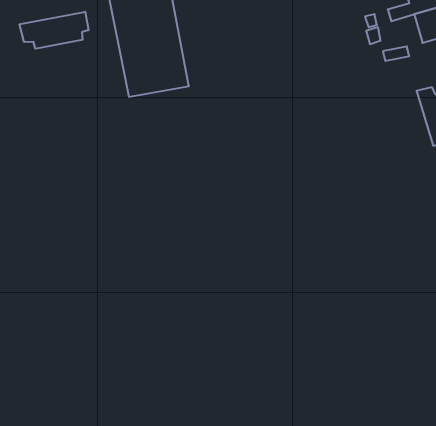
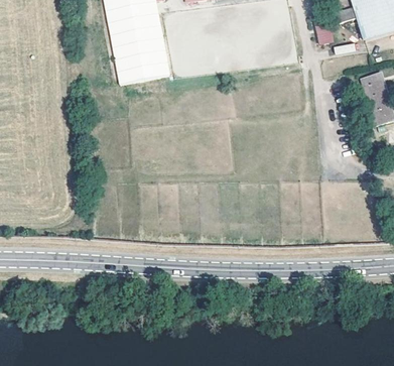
building: [20,12,89,49] -> none

